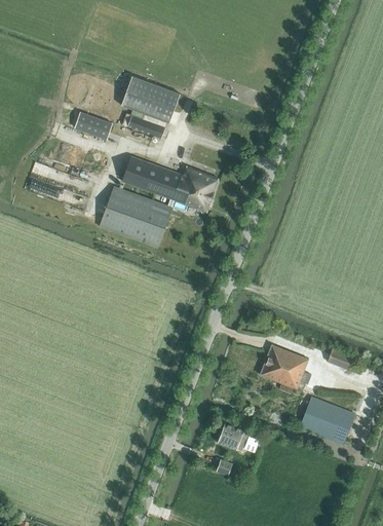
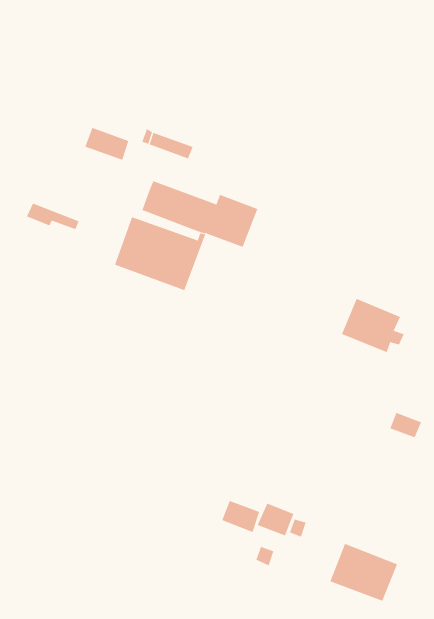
building: [120,76,180,123] -> none
building: [259,344,311,389] -> [341,298,404,353]
building: [299,397,355,445] -> [330,543,398,601]
building: none -> [221,500,260,533]

